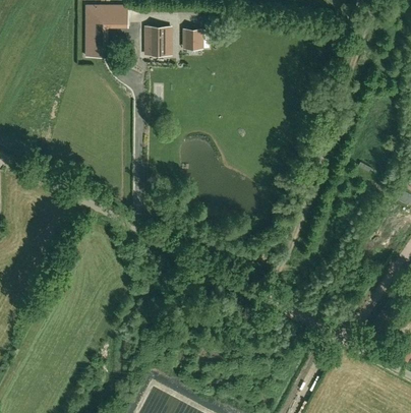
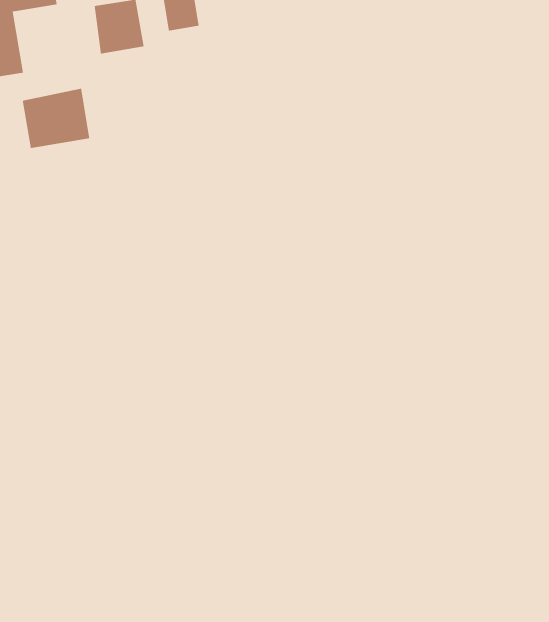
building: none -> [22,88,90,149]

